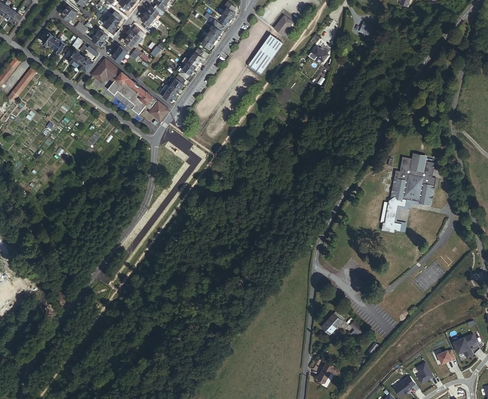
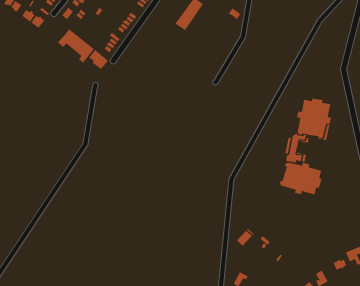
building: [91,58,121,82] -> none
building: none -> [279,162,323,195]

